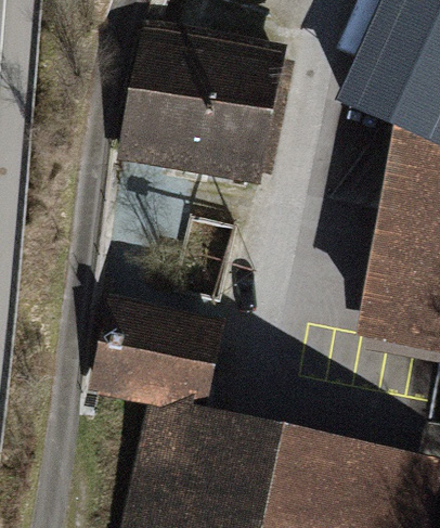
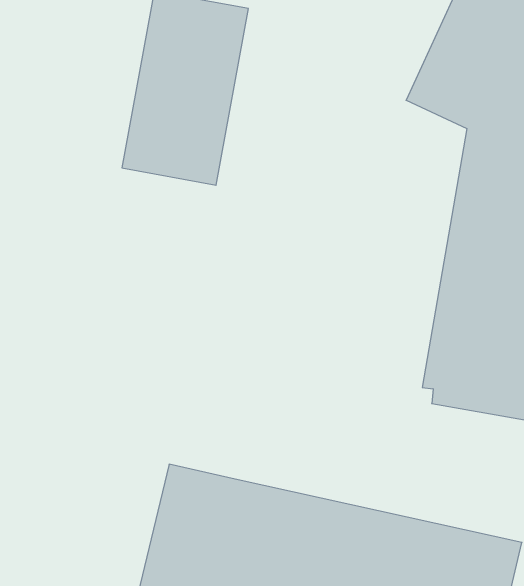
building: [190,34,293,189] -> none
building: [88,295,225,412] -> none

